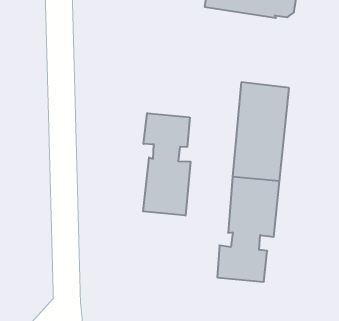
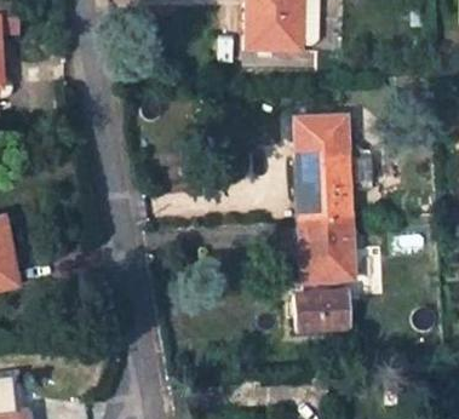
building: [143,113,190,216] -> none

